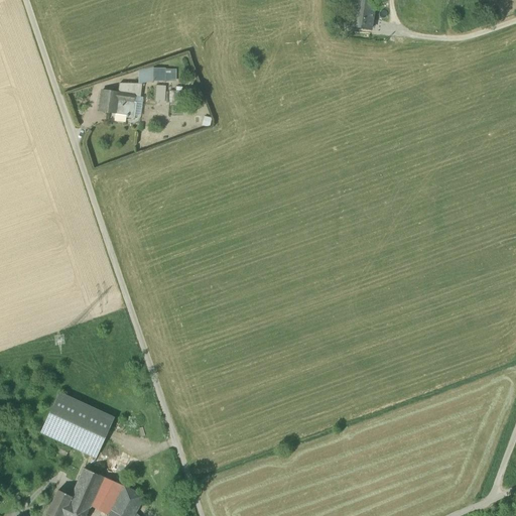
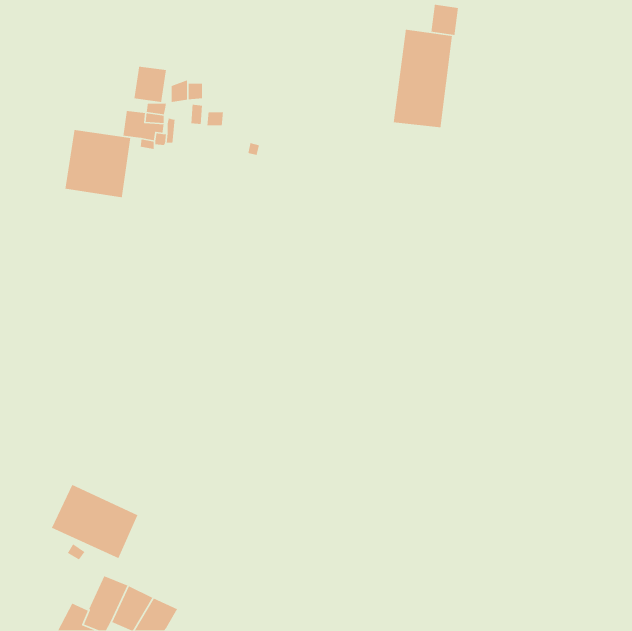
building: none -> [393,29,453,128]
building: none -> [133,66,167,103]
building: none -> [64,129,131,198]

